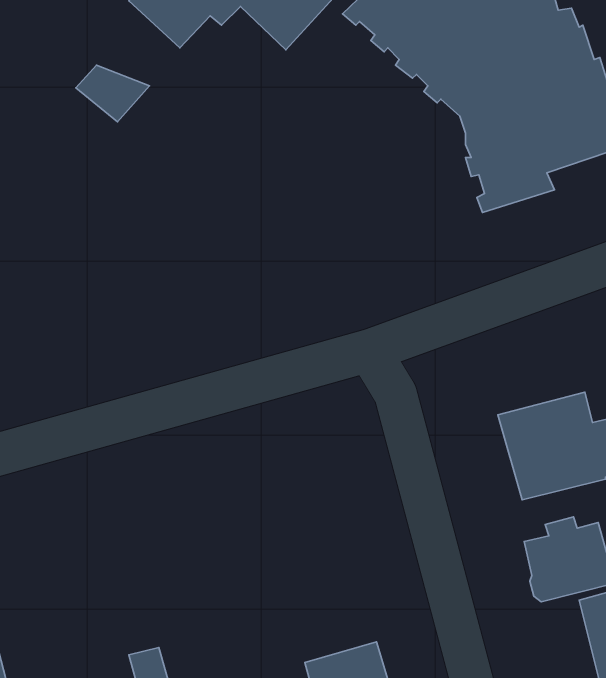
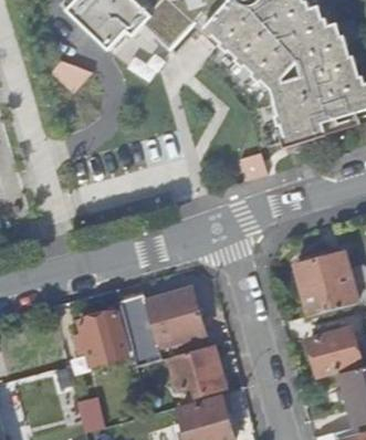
building: none -> [119,290,205,365]
building: none -> [74,311,128,366]
building: none -> [170,344,226,395]

